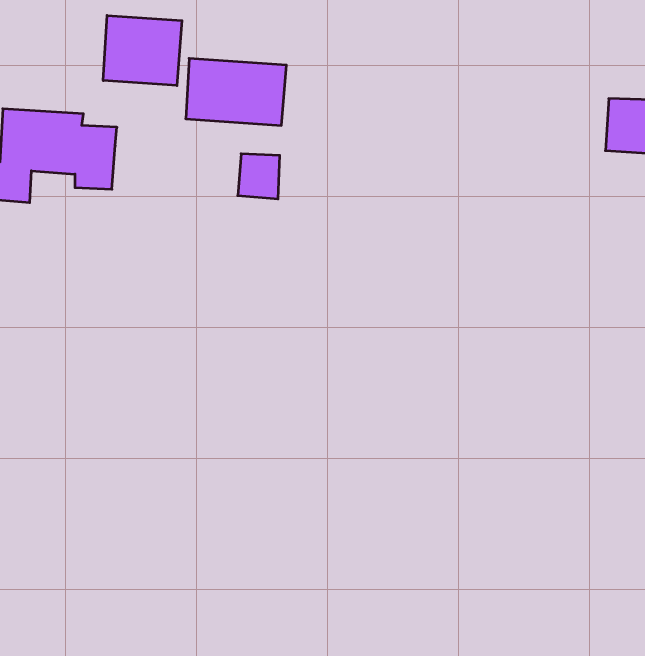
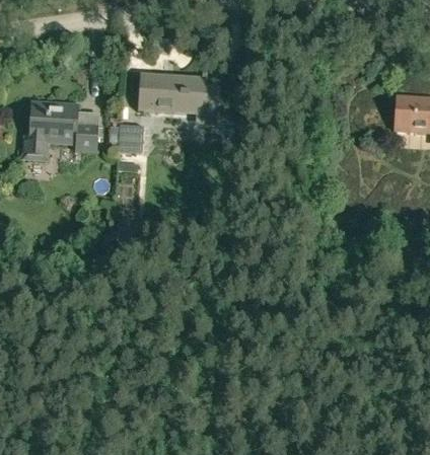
building: [103,15,182,86] -> none
building: [238,154,280,199] -> [117,126,142,153]

